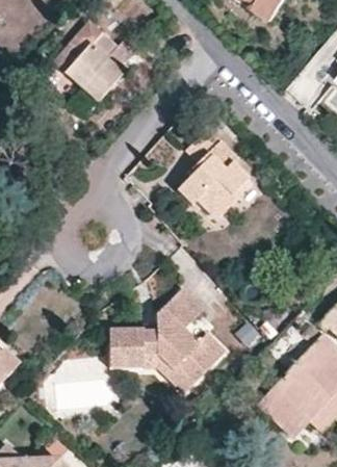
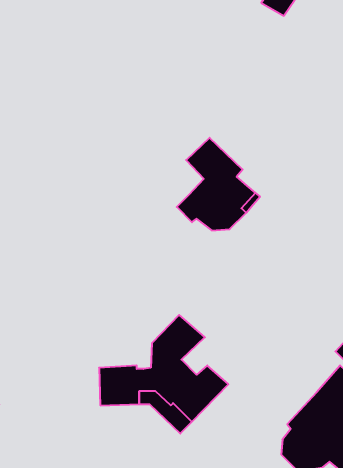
building: [47,20,129,116] -> none

